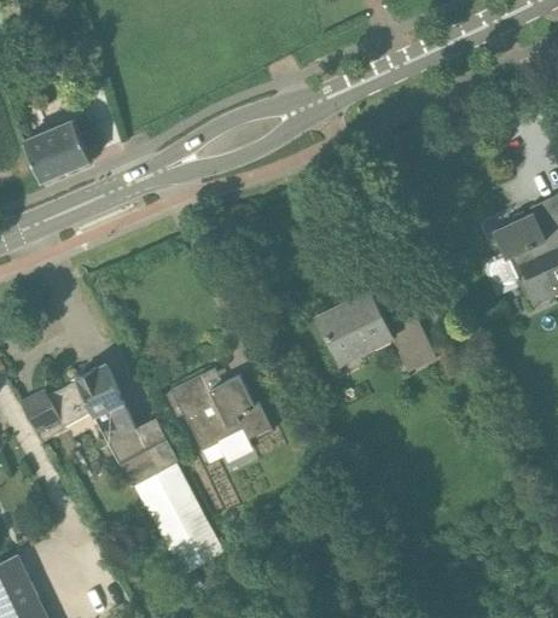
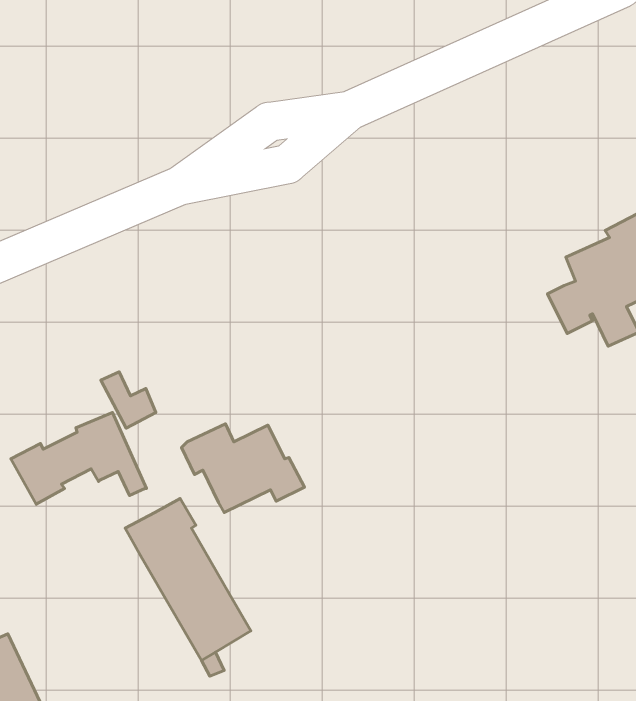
building: [17,118,91,181] -> none
building: [318,291,437,372] -> none
building: [97,414,144,462] -> [101,372,156,428]

